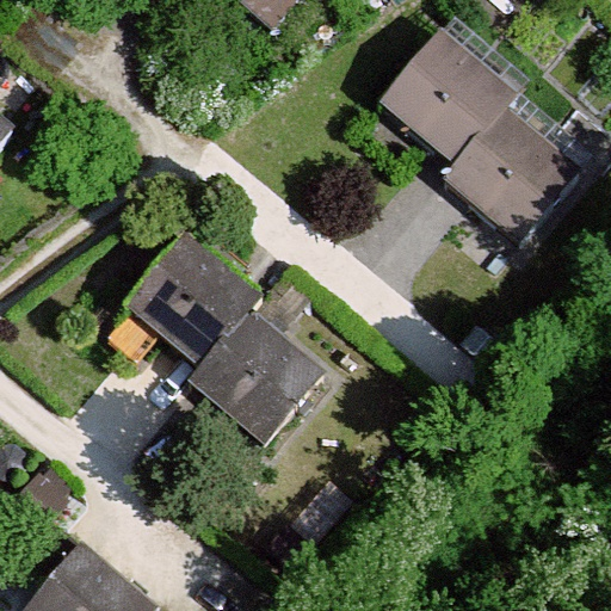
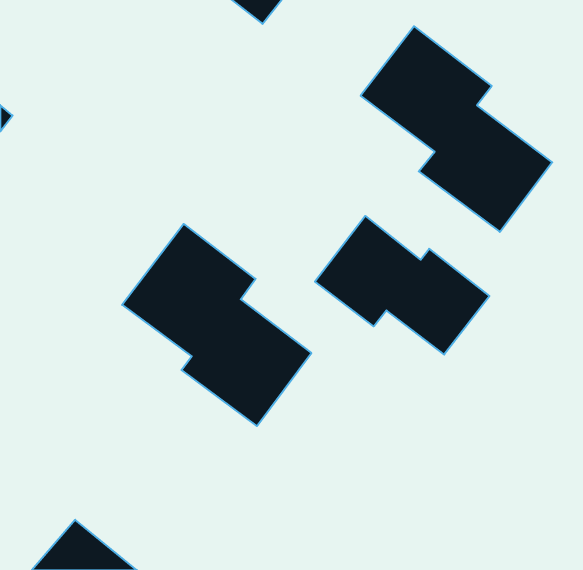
building: none -> [315,216,489,355]

